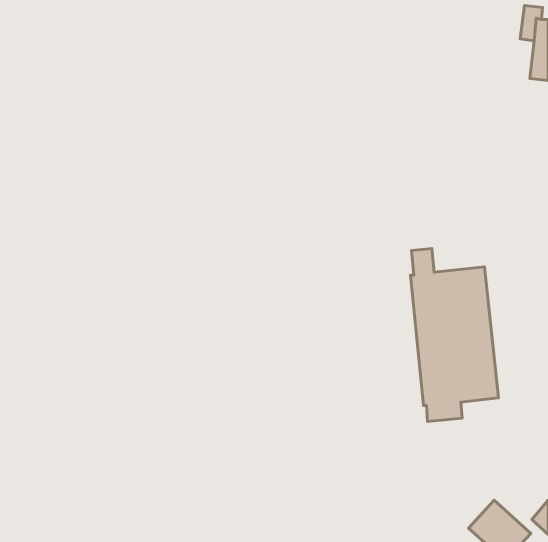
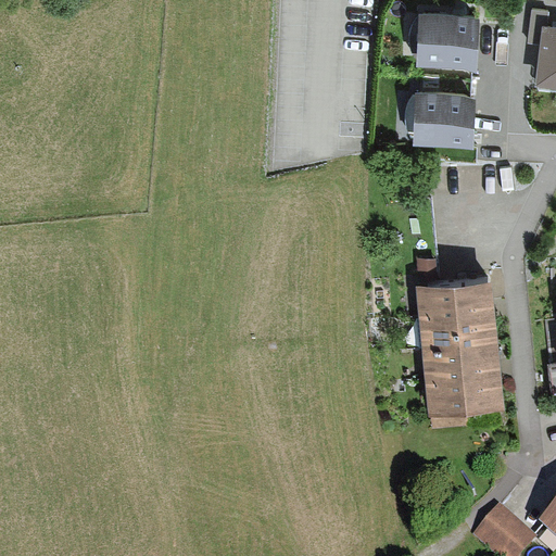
building: none -> [417,13,479,68]
building: none -> [413,92,476,148]

